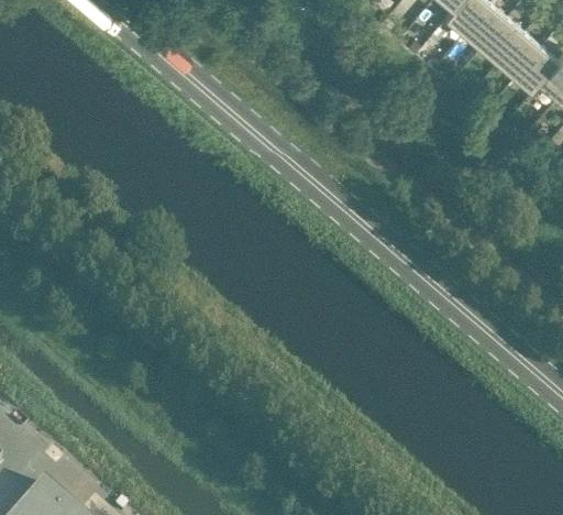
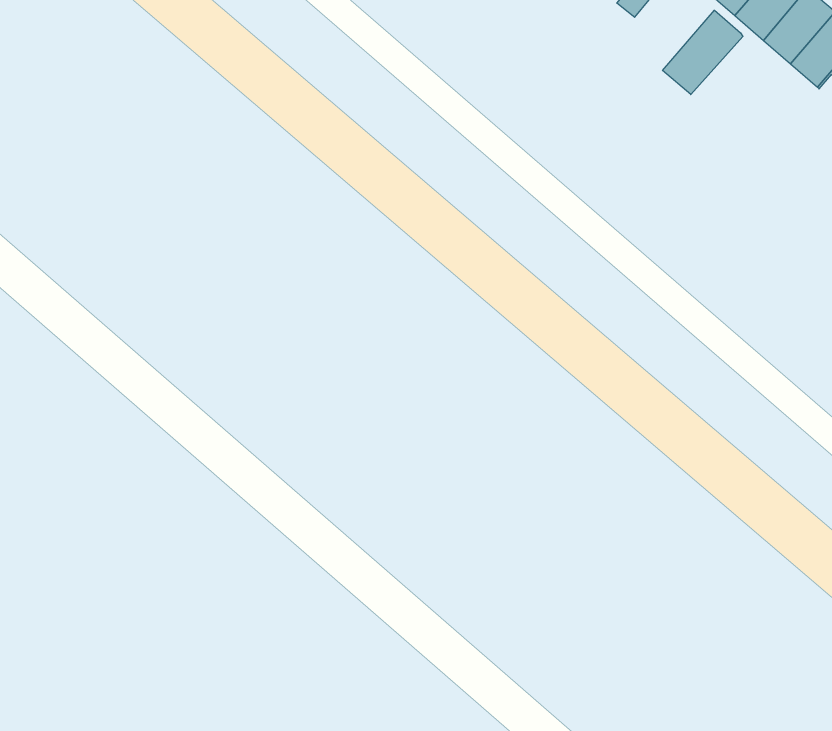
building: none -> [663,10,743,95]

